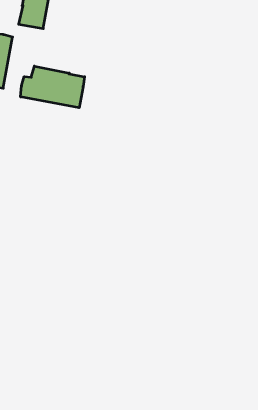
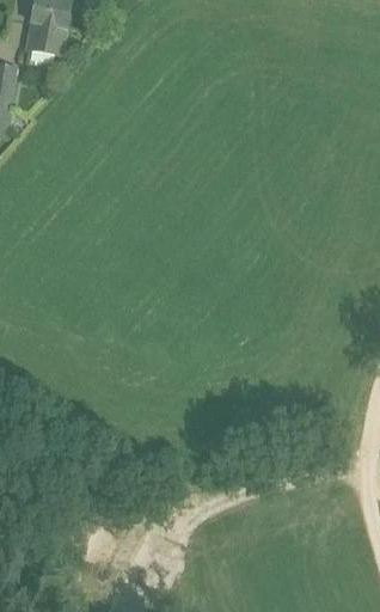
building: [21,66,85,108] -> none

